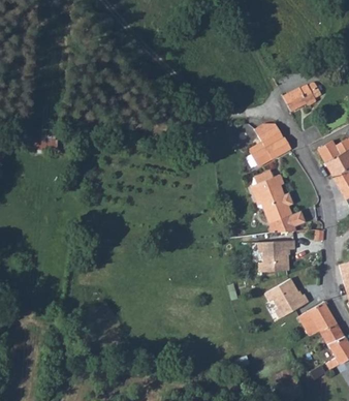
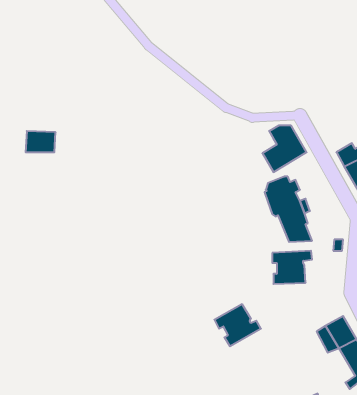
building: [283,83,318,112] -> none
building: [265,279,309,318] -> [214,304,261,346]

